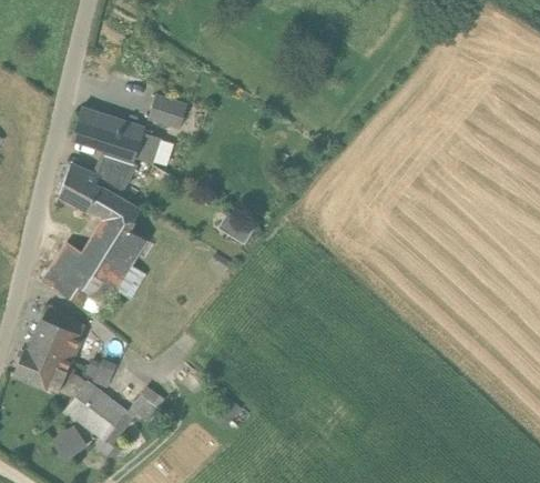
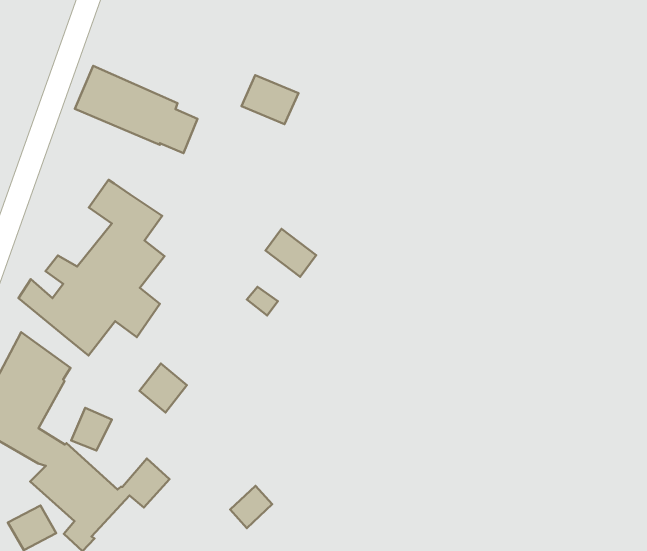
building: [147,94,187,128] -> [242,75,298,124]
building: [59,153,135,209] -> none
building: none -> [140,363,187,412]

